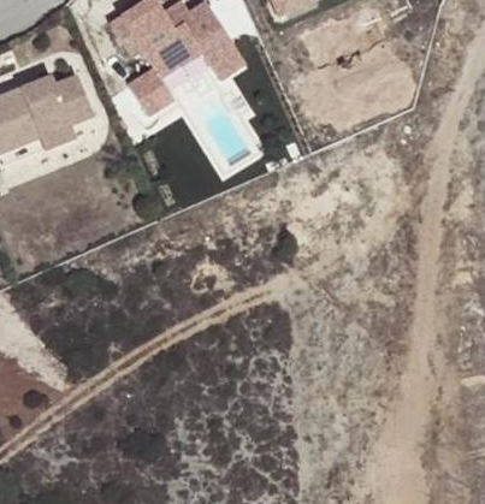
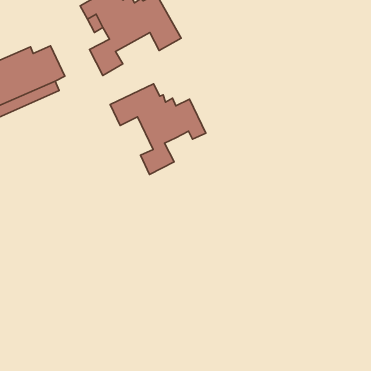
building: none -> [110,84,206,174]

